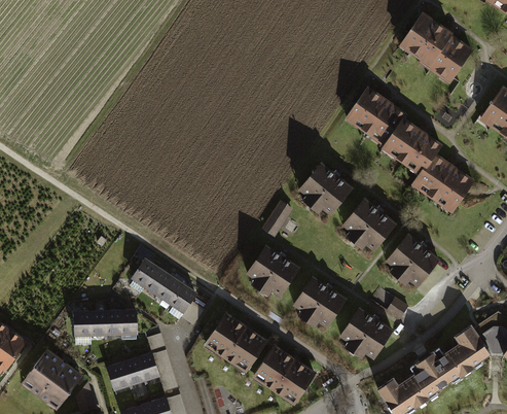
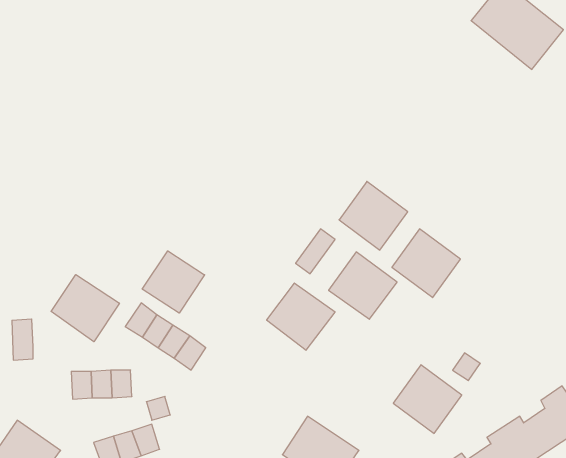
building: [346,89,470,210] -> none
building: none -> [142,251,205,313]
building: [384,232,438,285] -> none
building: none -> [51,275,119,342]
building: [293,274,347,326] -> [329,252,397,319]
building: [74,312,90,344] -> [12,319,33,360]
building: [205,313,265,371] -> none

